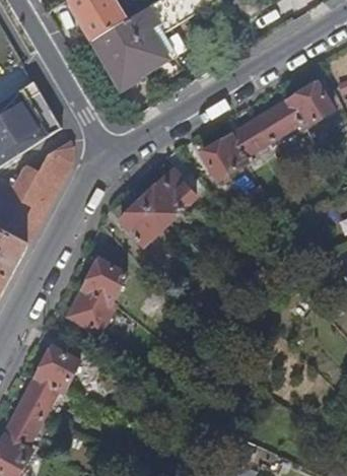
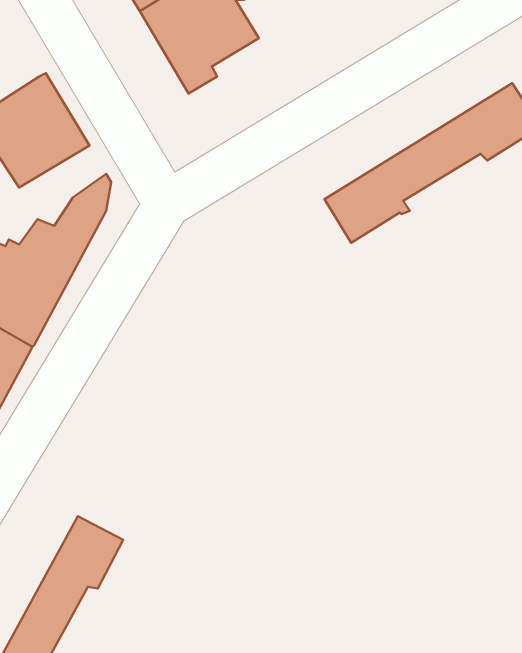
building: [122,173,196,245] -> none
building: [70,259,127,332] -> none

